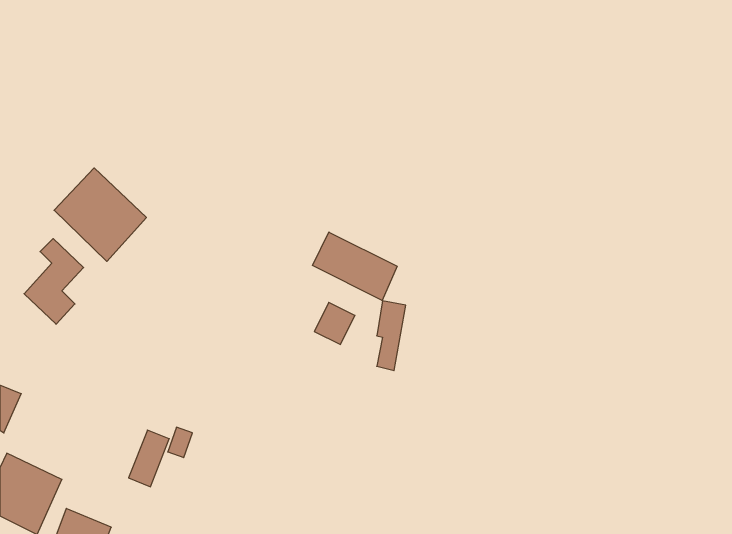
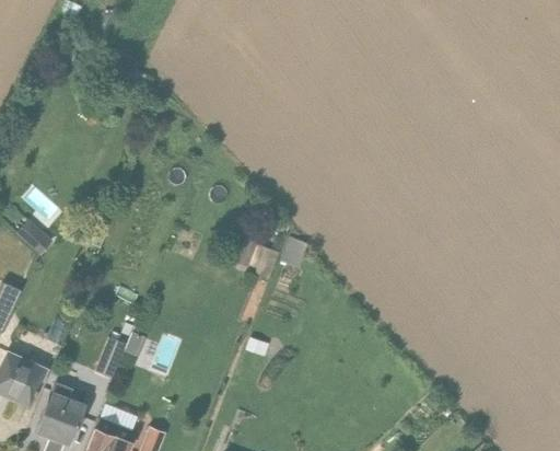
building: [54,168,146,261] -> none
building: [312,232,397,301] -> none

